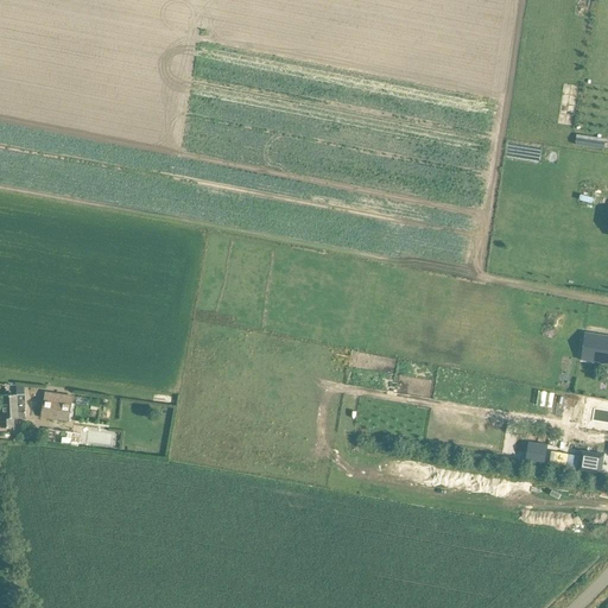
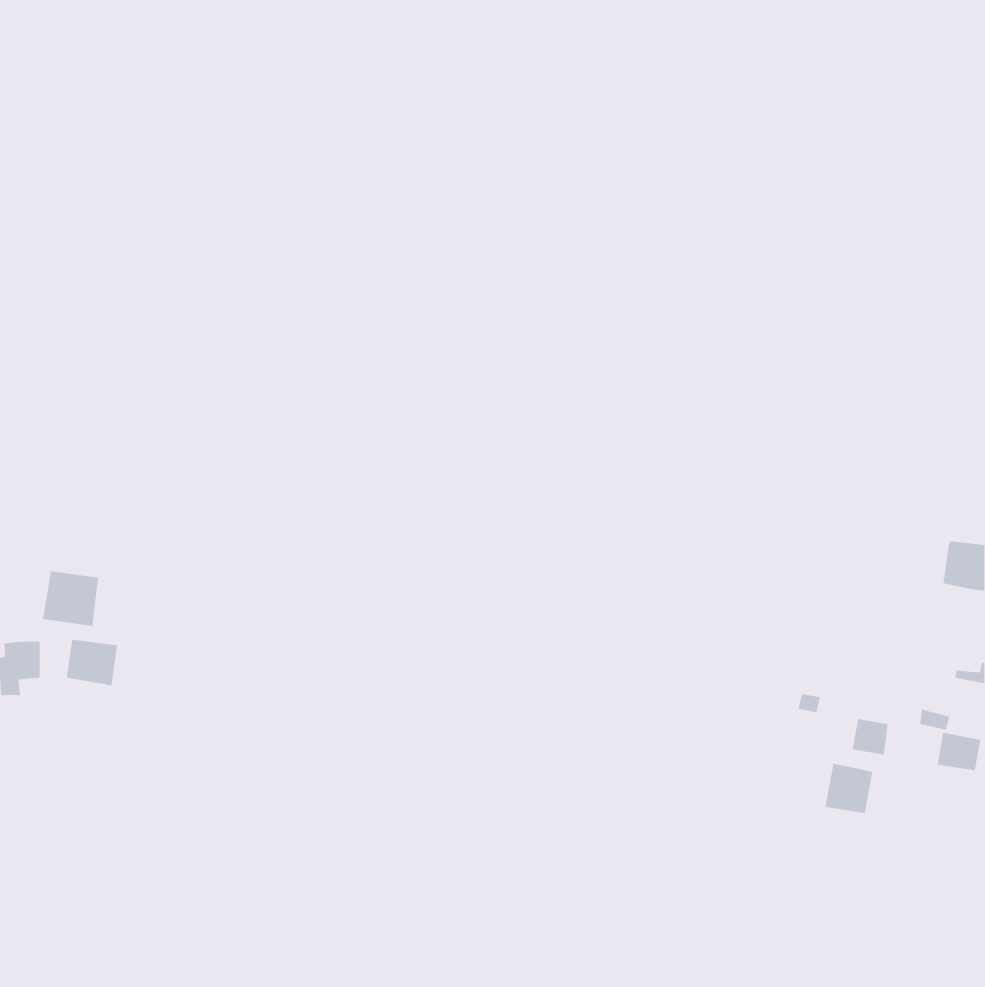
building: none -> [42,571,99,627]
building: none -> [825,763,873,814]

